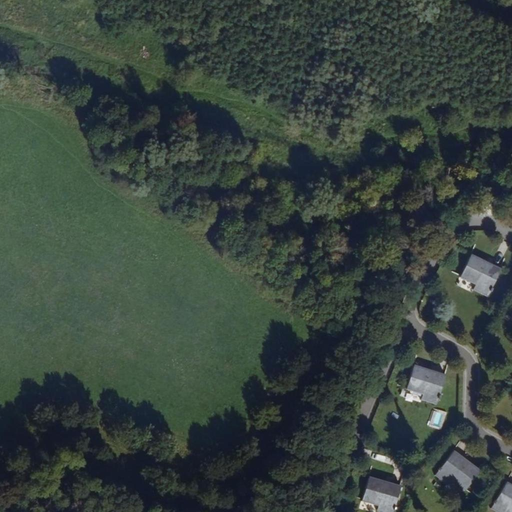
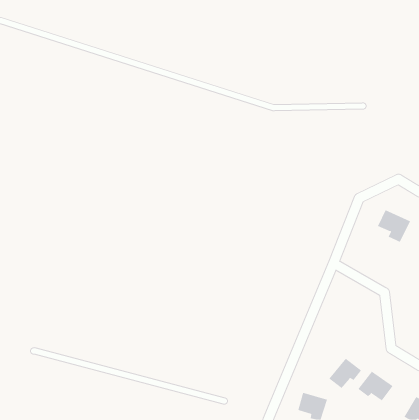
building: [407,365,446,403] -> none
building: none -> [329,358,362,389]

